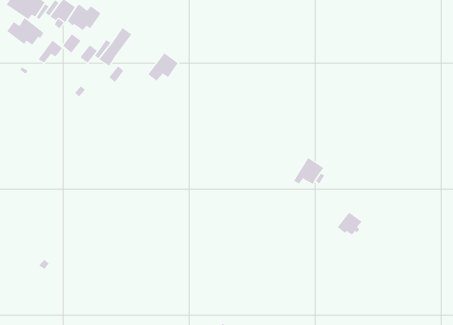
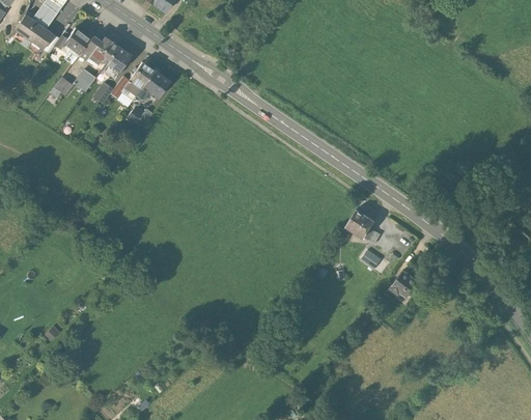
building: none -> [101,47,133,78]
building: [6,17,44,45] -> none
building: [148,52,179,81] -> [136,71,171,104]

